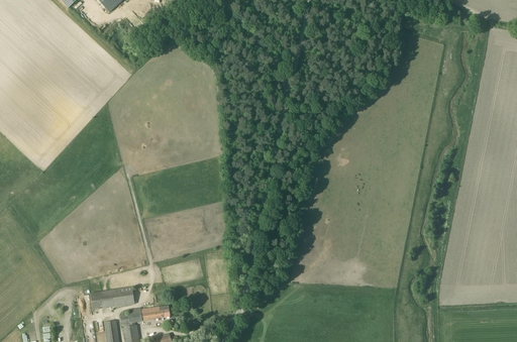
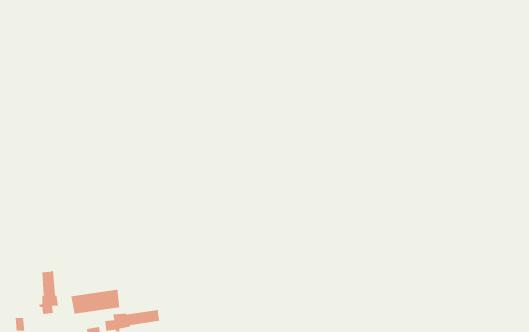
building: none -> [38,270,59,315]

